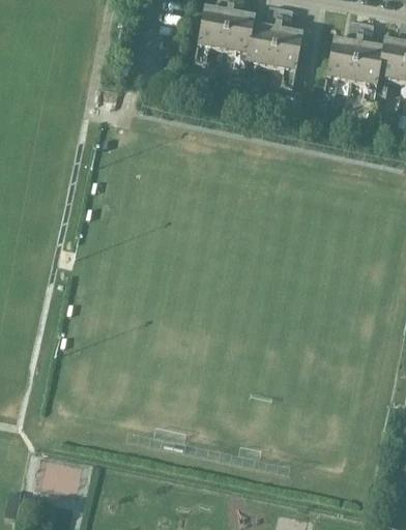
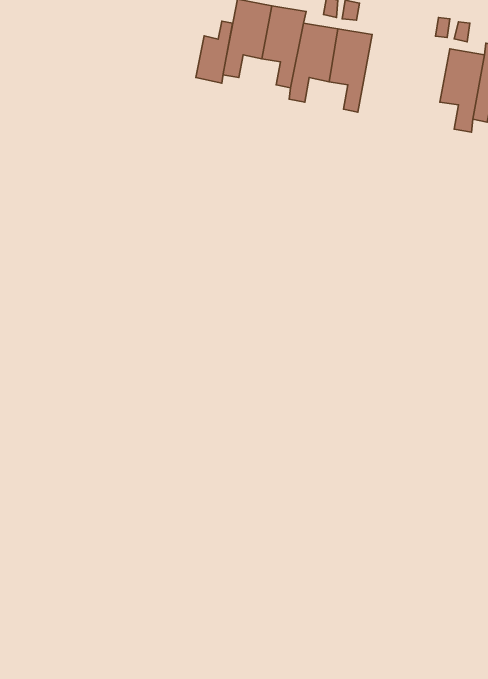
building: none -> [196,21,233,83]
building: [323,38,358,95] -> none

